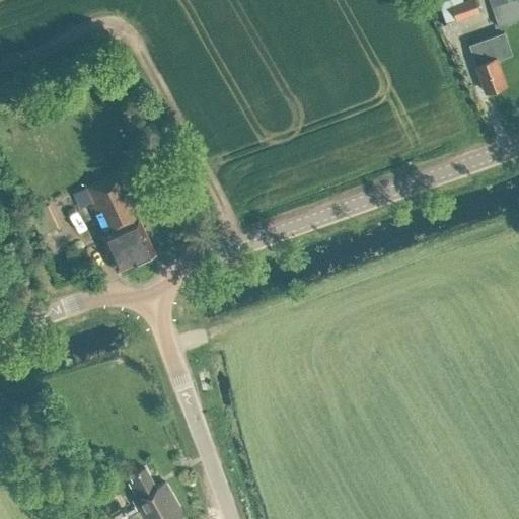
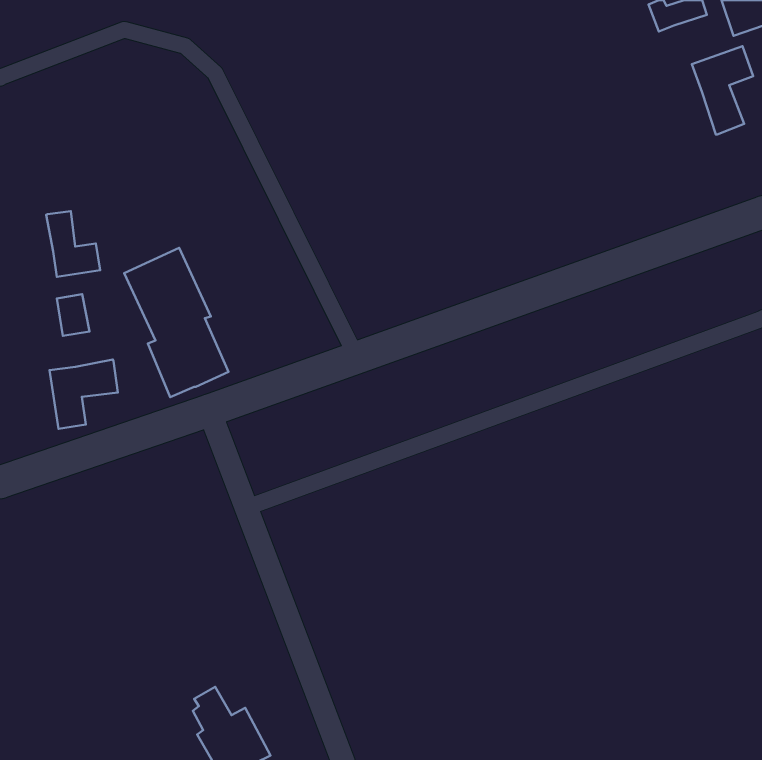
building: none -> [46,211,100,277]
building: none -> [49,360,118,429]

